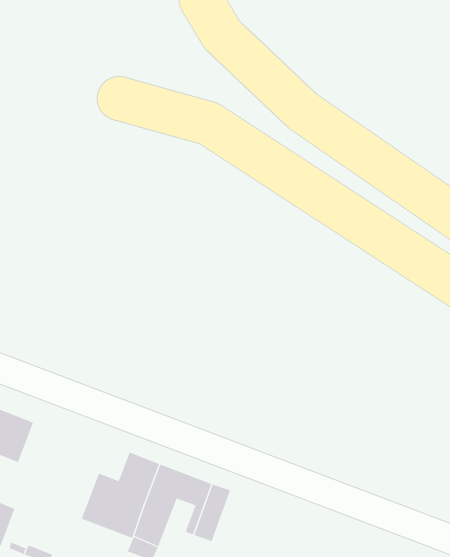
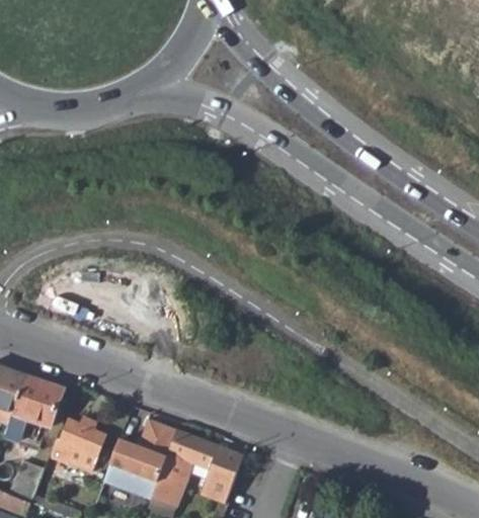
building: none -> [52,419,104,469]

